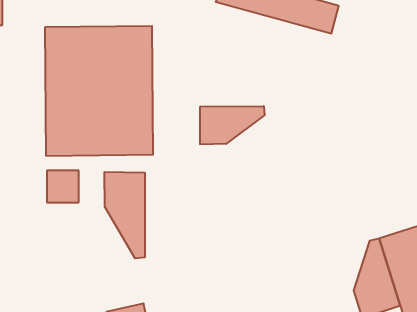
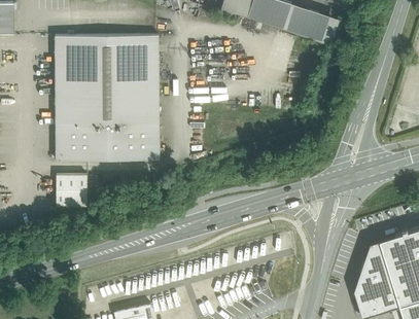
building: [200,106,265,144] -> none
building: [104,172,145,258] -> none

